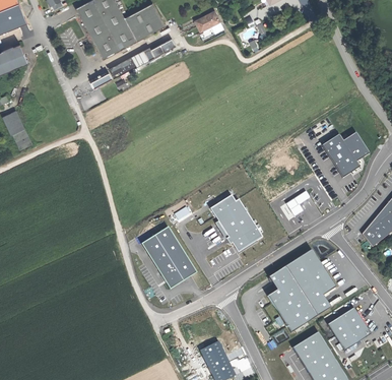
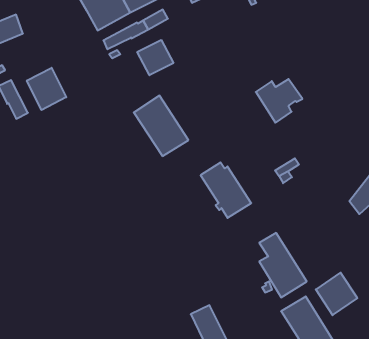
building: none -> [137,40,173,75]
building: none -> [27,68,66,110]
building: [322,133,370,178] -> [256,79,302,123]
building: [140,228,196,290] -> [134,96,188,156]
building: [286,252,333,317] -> none

